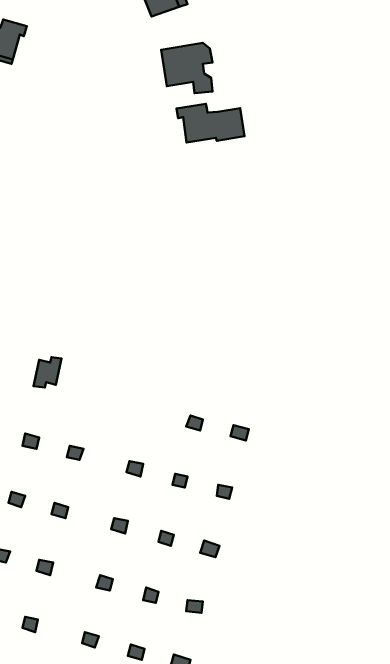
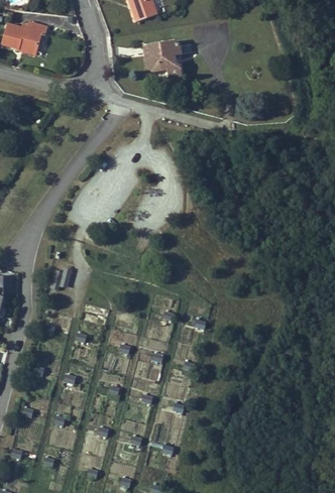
building: [177,104,245,142] -> none

